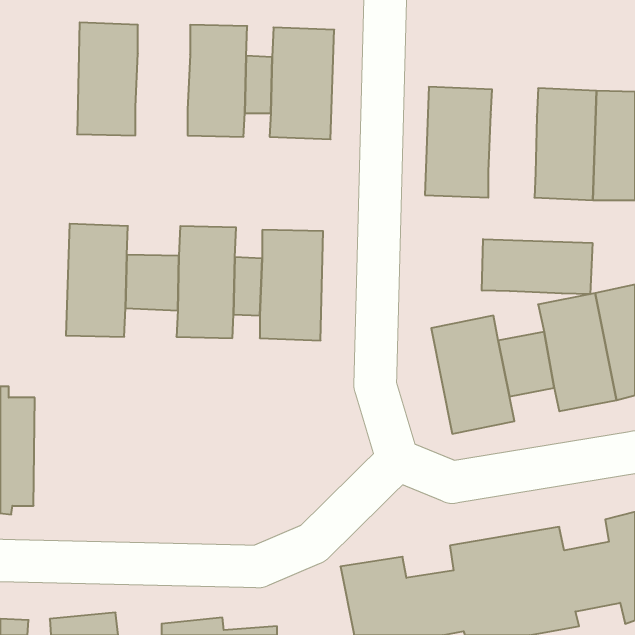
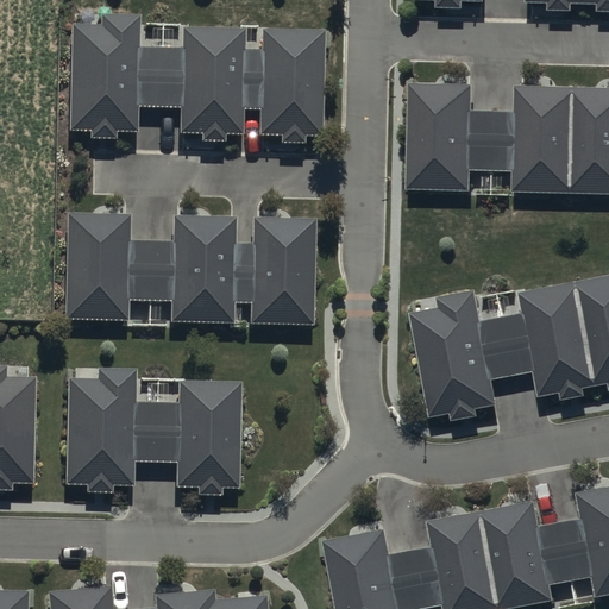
building: none -> [130,51,182,105]
building: none -> [467,109,514,165]
building: [482,239,592,294] -> none
building: none -> [69,372,241,497]

